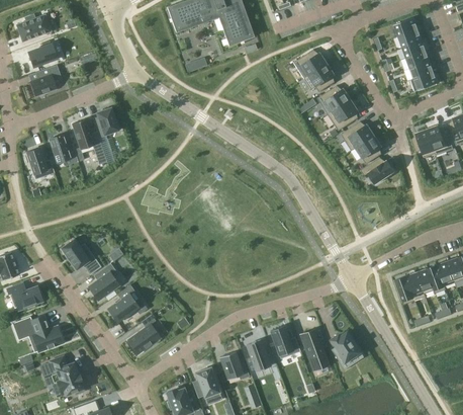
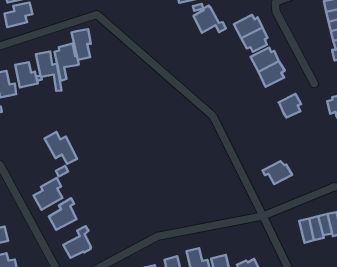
building: none -> [193,6,226,33]
building: none -> [72,29,91,60]
building: [342,120,374,151] -> none
building: [361,157,395,184] -> [263,161,292,184]
building: [61,239,101,274] -> [44,132,77,164]

